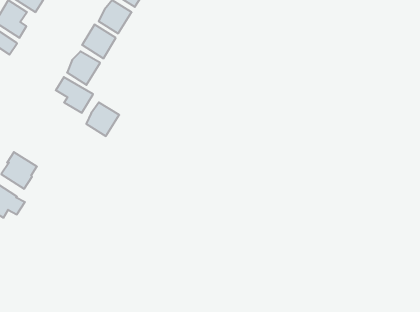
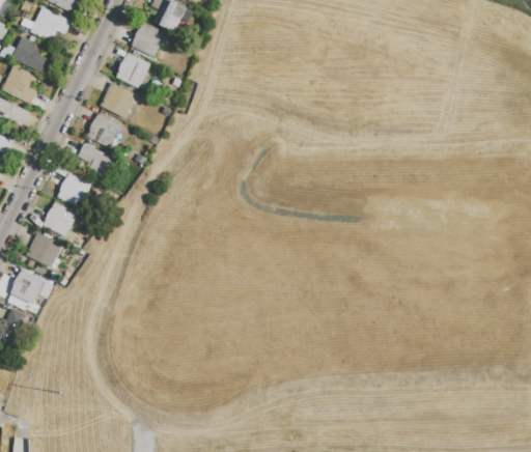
building: [86,102,119,136] -> [57,172,92,208]
building: none -> [43,201,77,237]

